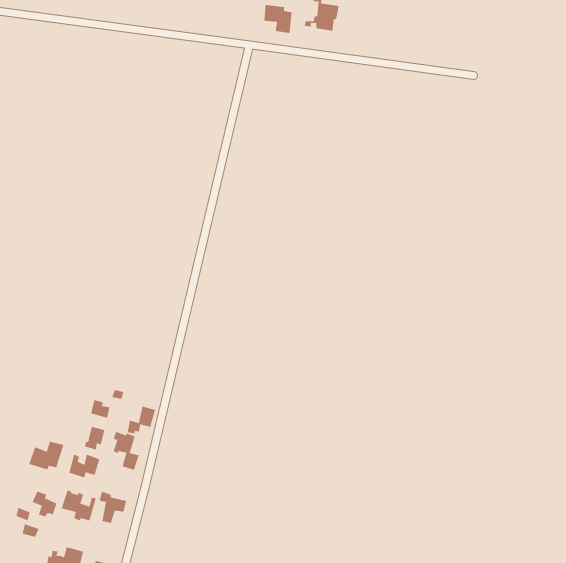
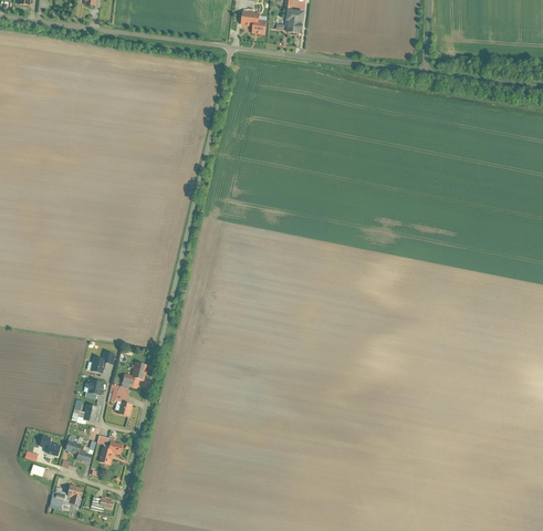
building: [28,441,64,470] -> none

